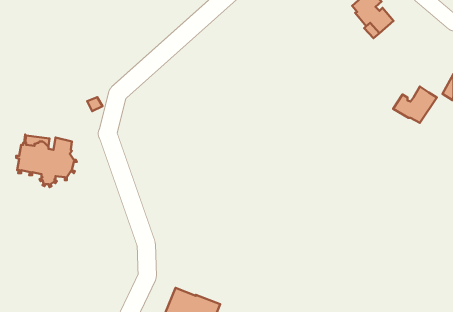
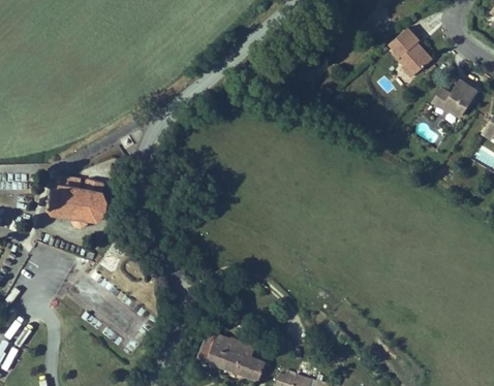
building: [393,86,437,123] -> [433,79,477,117]

